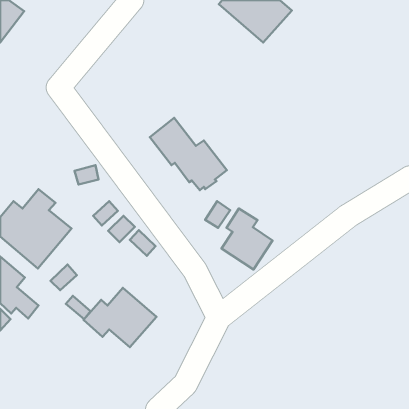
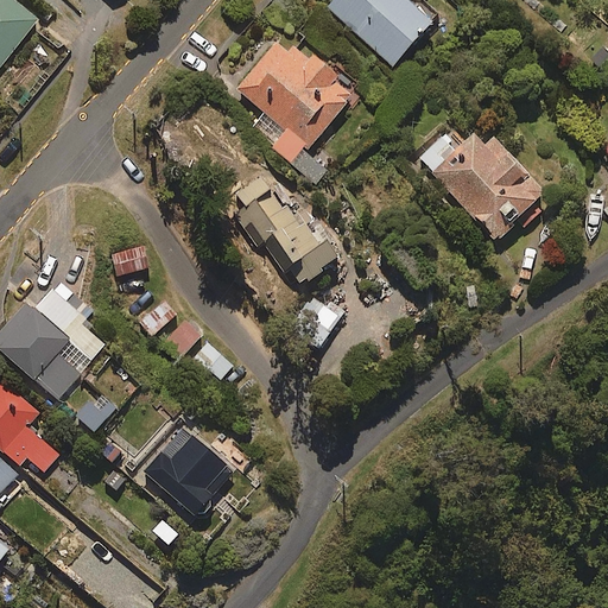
building: none -> [233,37,356,185]
building: none -> [419,132,543,238]
building: [222,208,272,269] -> none

